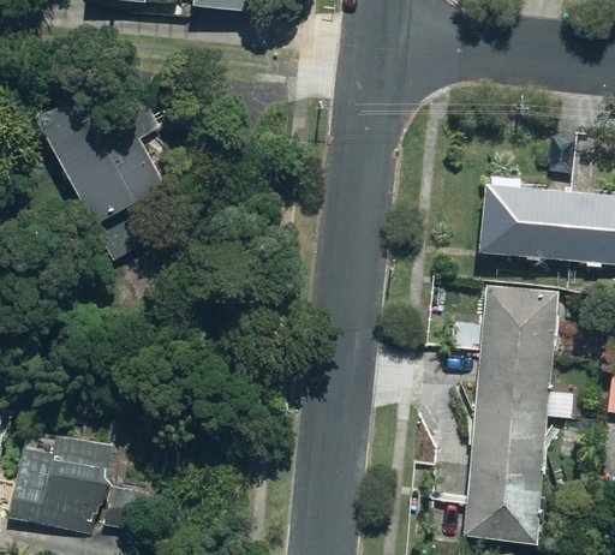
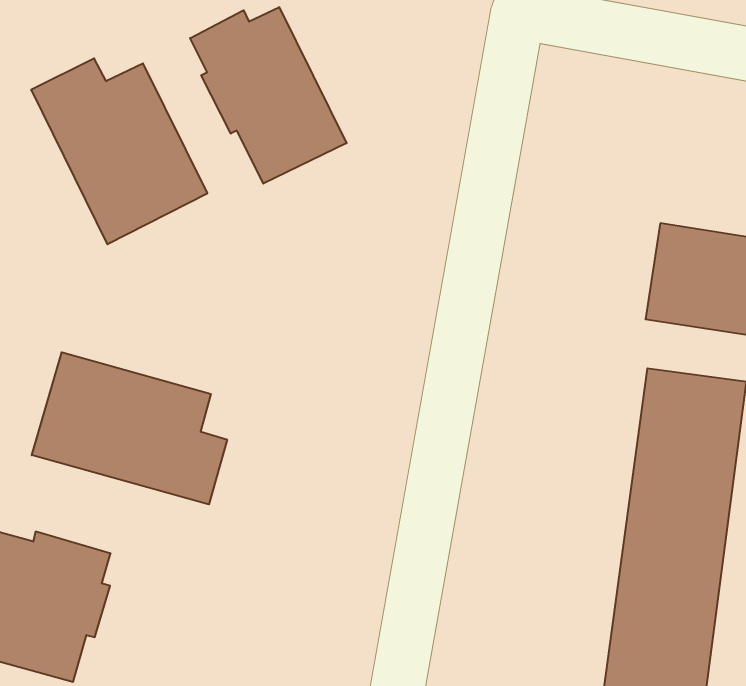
building: none -> [190,7,347,184]
building: none -> [32,352,227,504]

